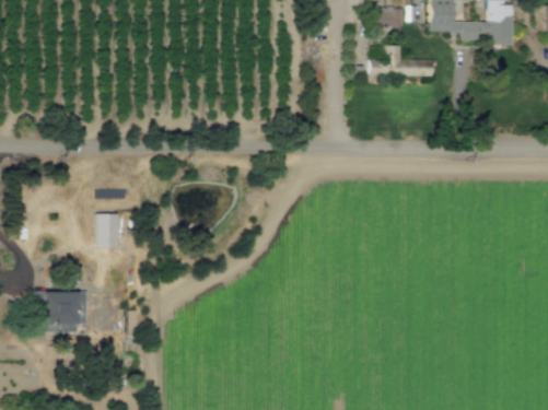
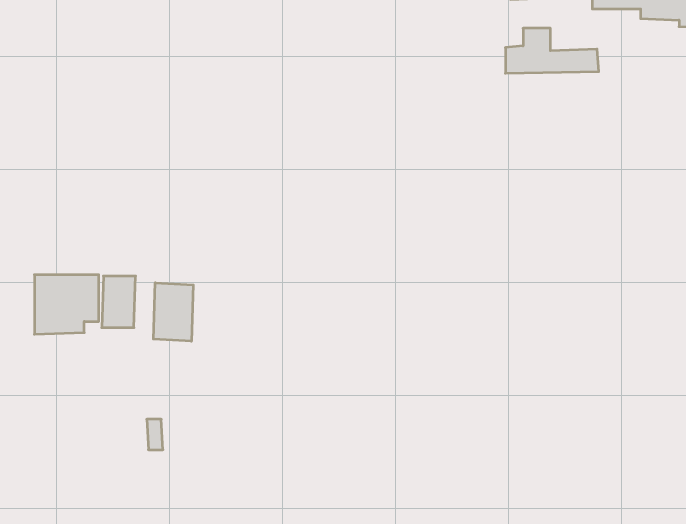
building: none -> [153,283,193,341]
building: [43,292,86,332] -> [34,275,99,334]

